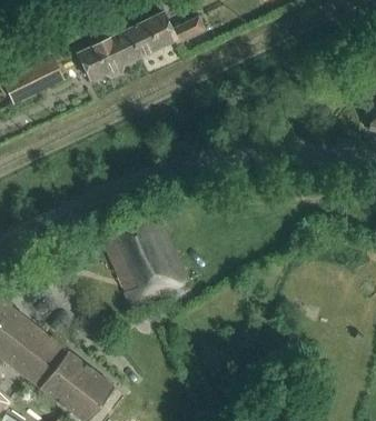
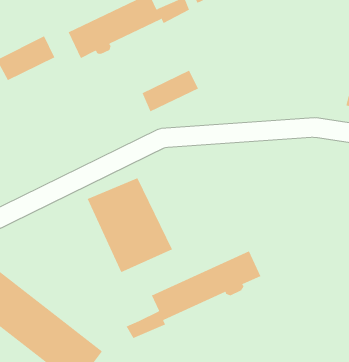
building: none -> [142,70,199,112]
building: none -> [126,250,261,339]

